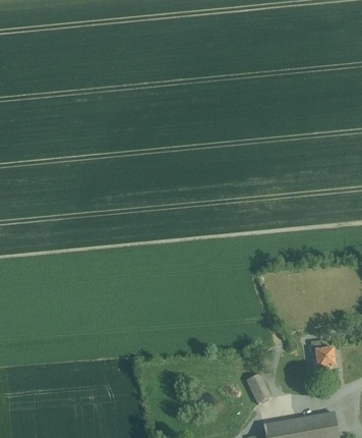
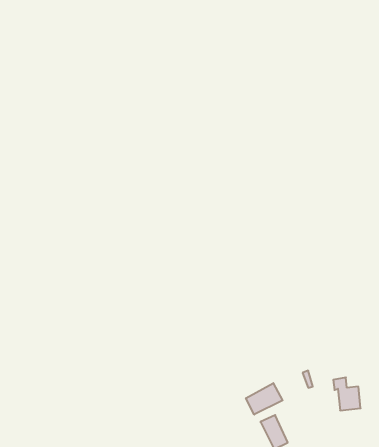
building: none -> [246,383,283,415]

